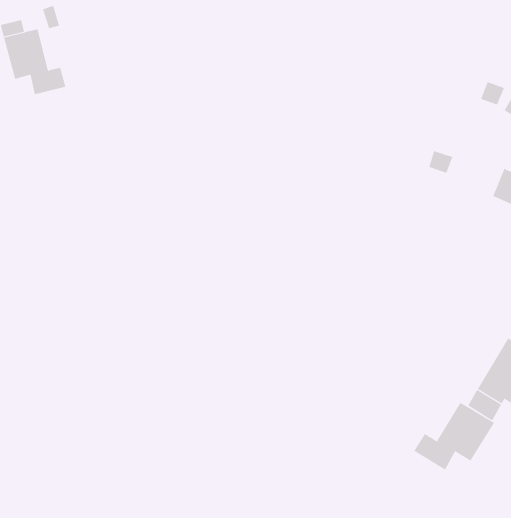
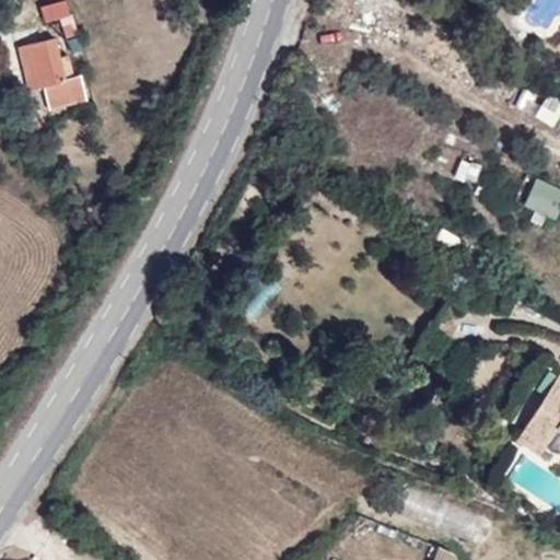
building: [413,402,495,471] -> none

